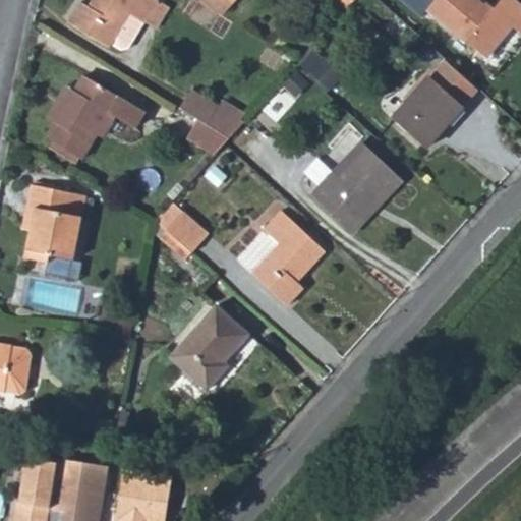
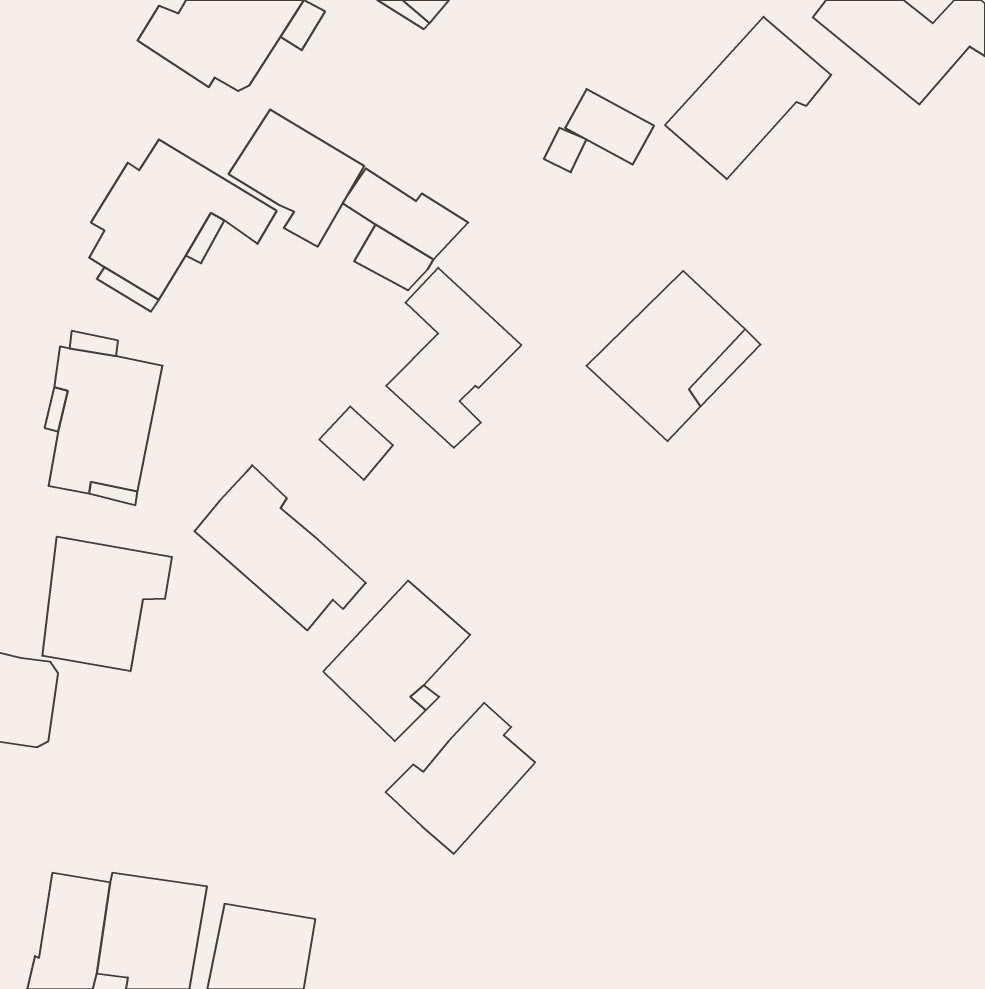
building: none -> [229,109,364,247]
building: [392,61,479,147] -> [665,17,831,179]
building: [252,211,324,305] -> [386,268,521,448]
building: none -> [194,465,366,630]
building: none -> [42,537,172,671]
building: none -> [386,703,535,854]

